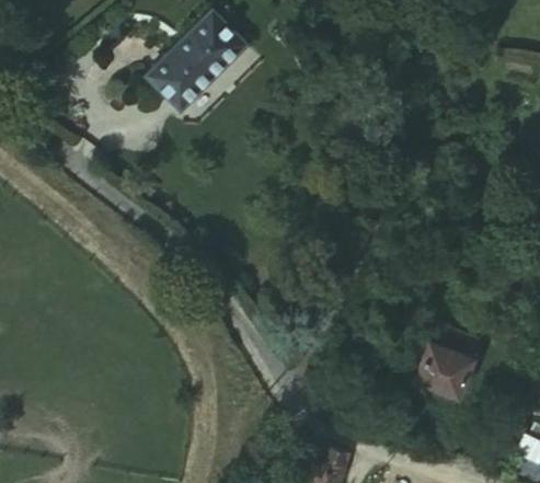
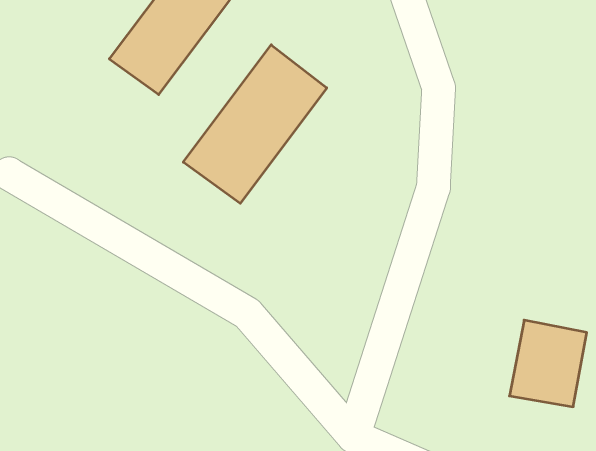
building: none -> [183,45,327,203]

